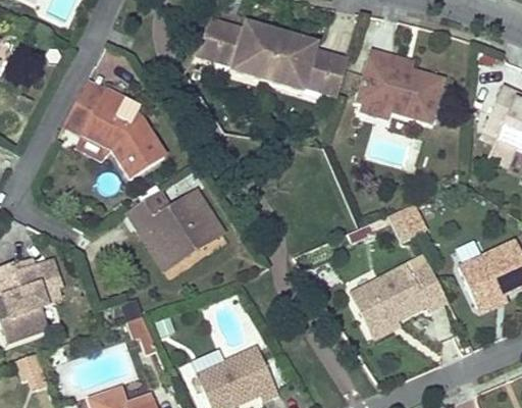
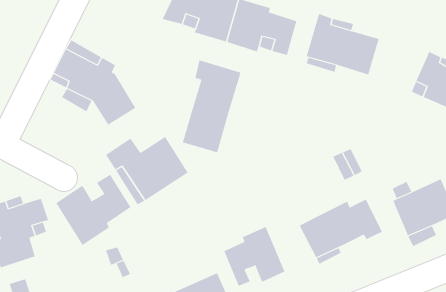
building: none -> [182,59,241,153]
building: none -> [56,174,131,246]
building: none -> [223,226,285,287]

